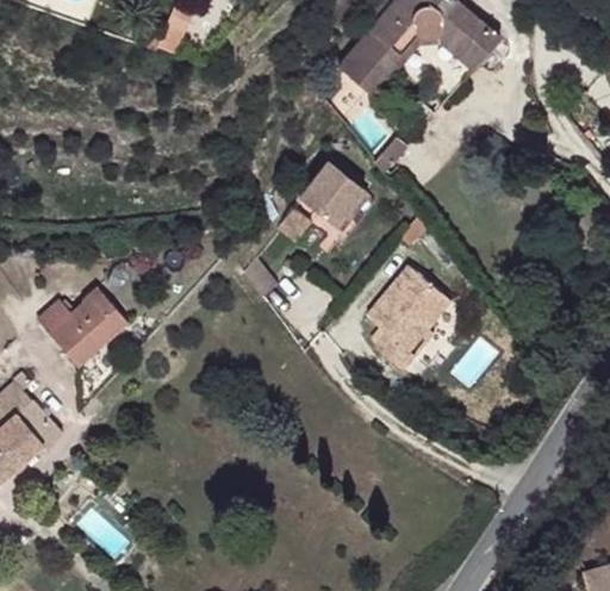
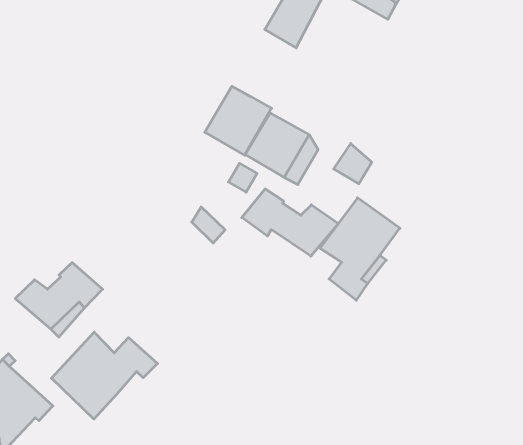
building: none -> [205,86,272,155]
building: none -> [242,189,338,256]
building: none -> [51,332,158,419]

